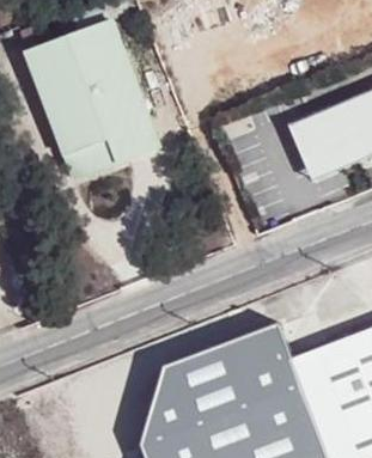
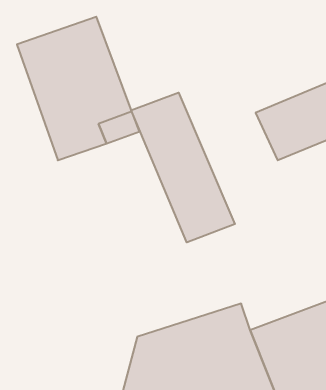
building: none -> [131,93,235,242]

